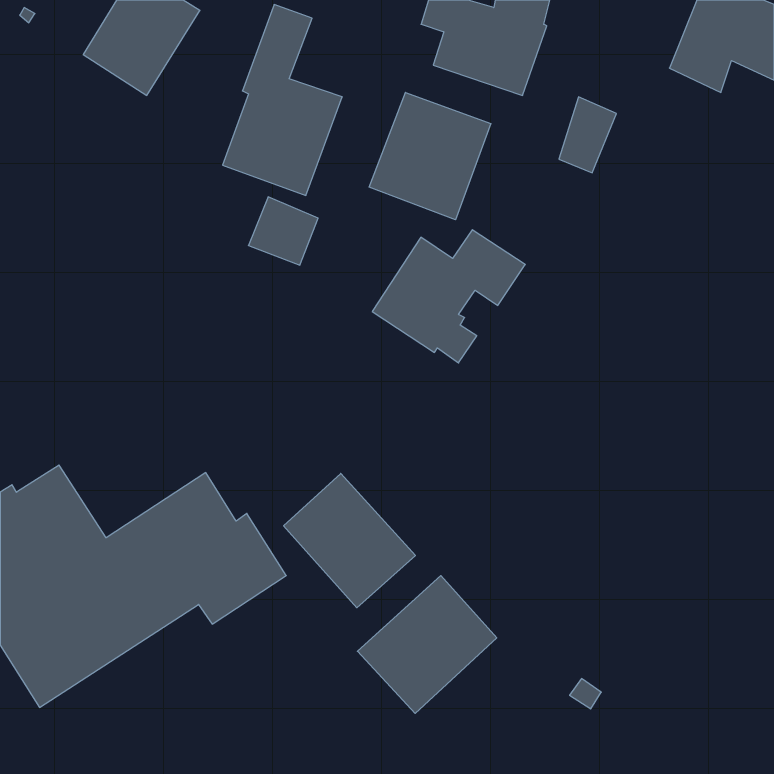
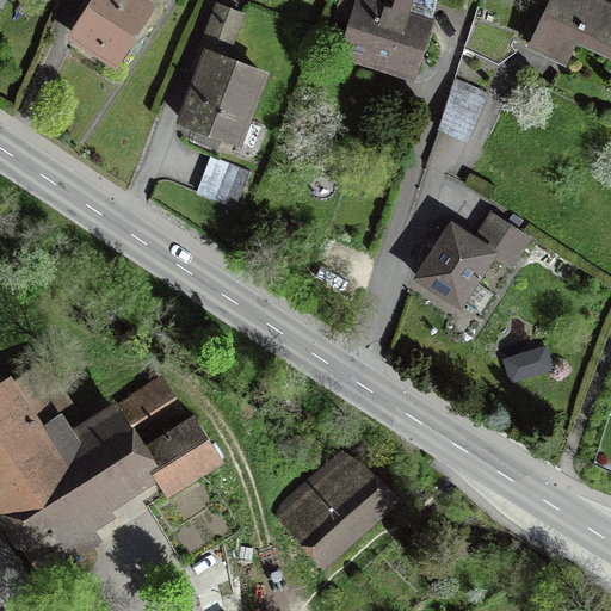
building: [369,92,491,220] -> none
building: [372,230,525,363] -> [412,206,532,311]
building: none -> [502,342,555,382]
building: [284,473,415,608] -> none

